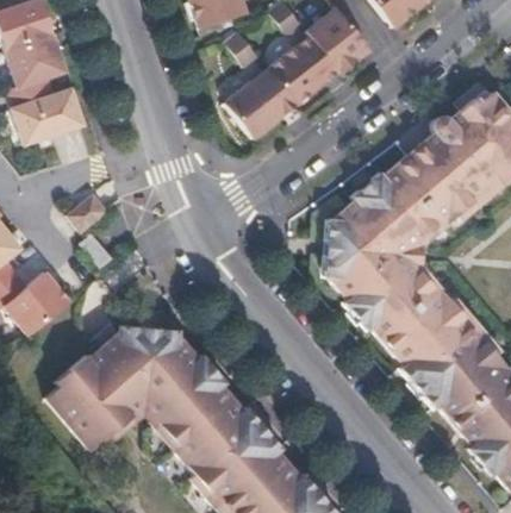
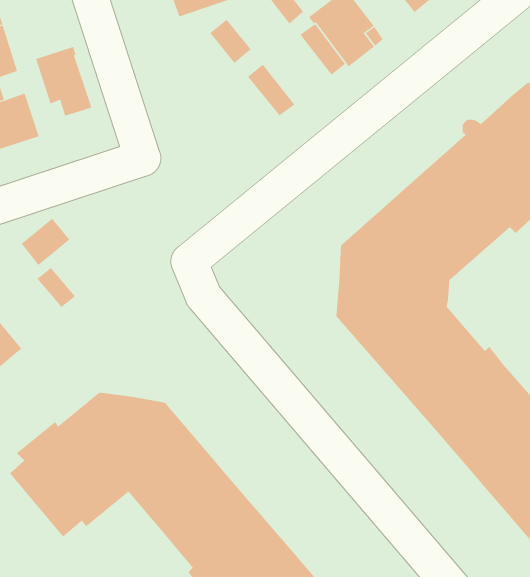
building: [267,43,323,100] -> none
building: none -> [35,46,92,116]
building: [223,77,280,133] -> none

